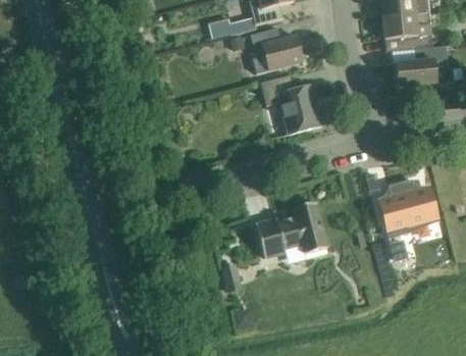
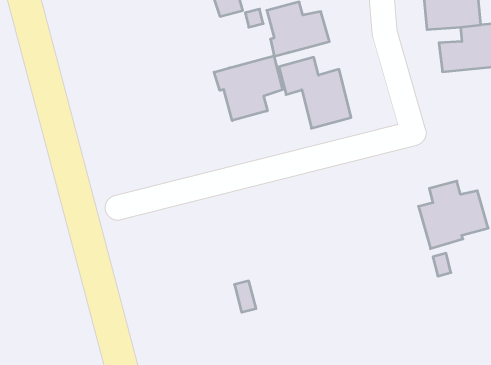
building: none -> [214,56,283,121]
building: [255,202,326,256] -> none

